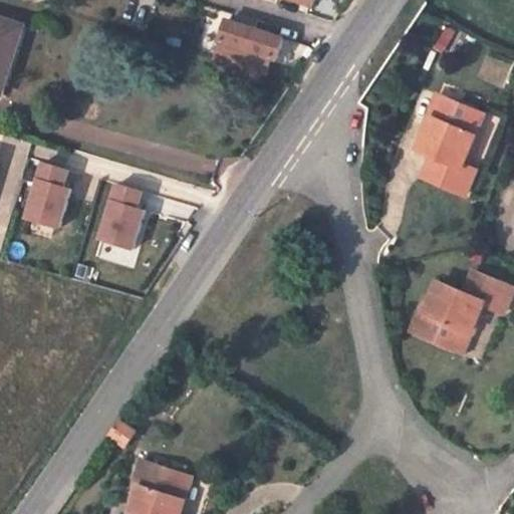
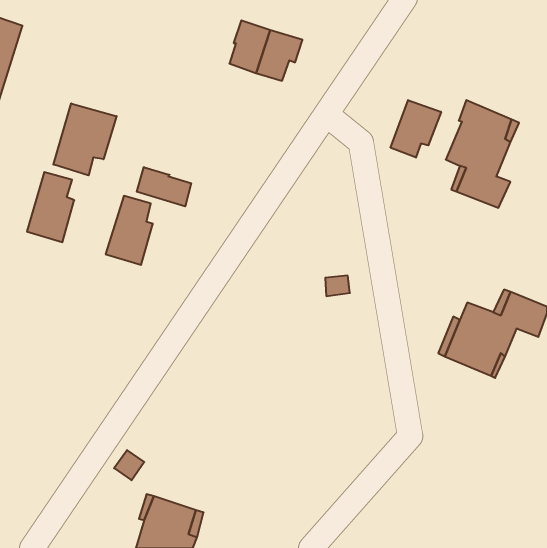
building: none -> [391,100,441,158]
building: none -> [53,103,117,175]
building: none -> [137,167,191,206]

